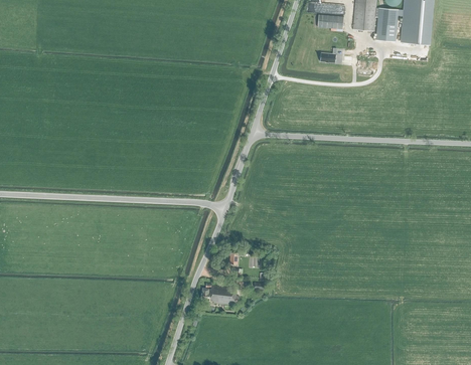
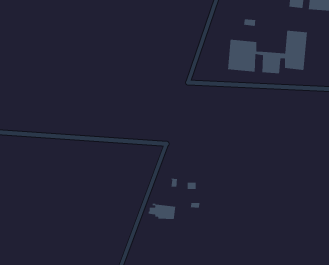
building: none -> [227,30,308,74]

